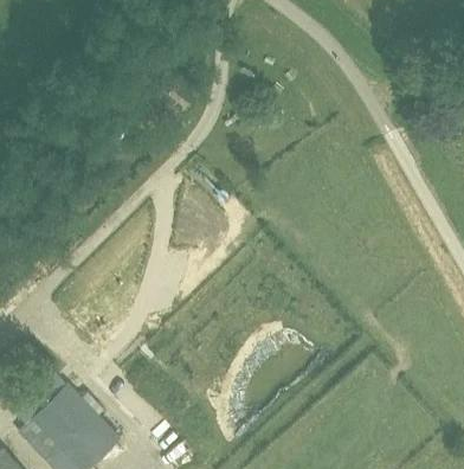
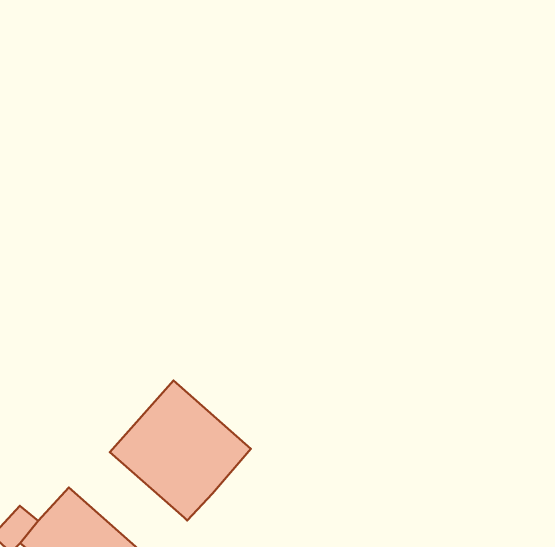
building: none -> [110,381,251,521]

